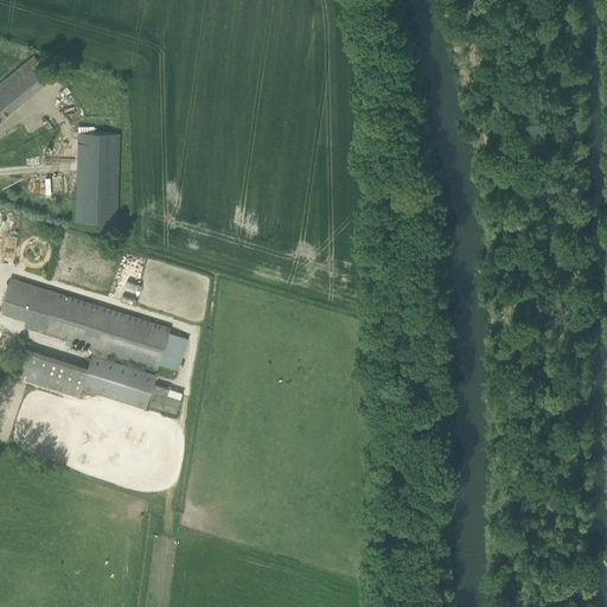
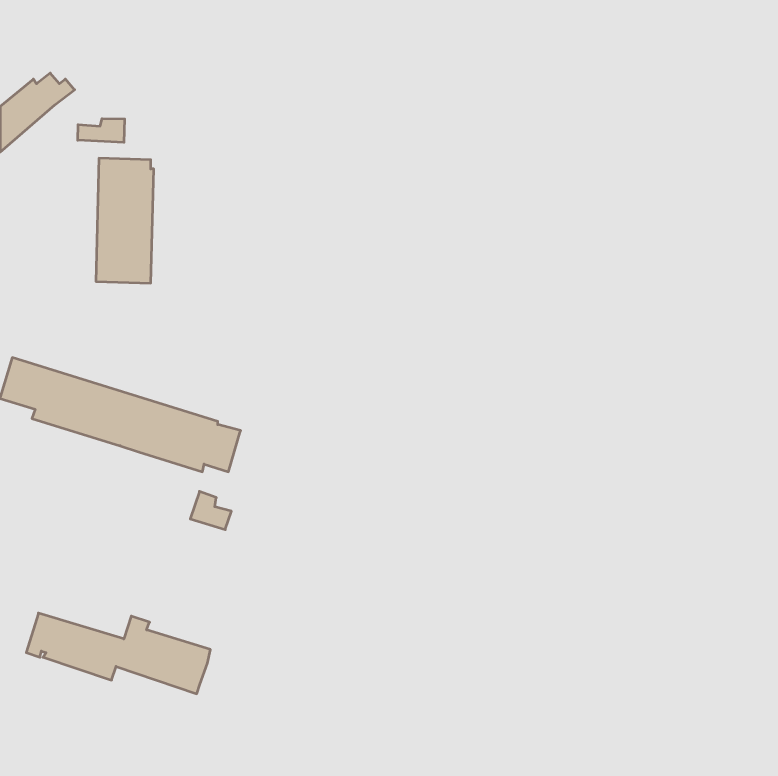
building: none -> [78,119,125,142]
building: [12,346,155,409] -> [26,613,210,694]

